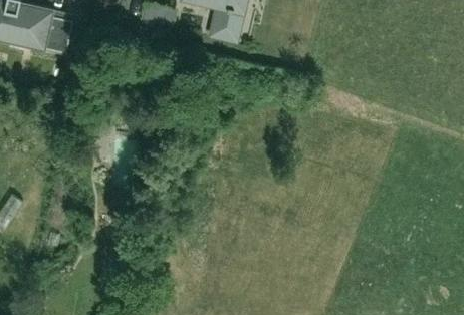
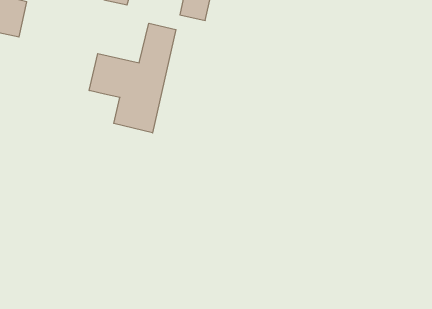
building: none -> [89,23,176,133]

